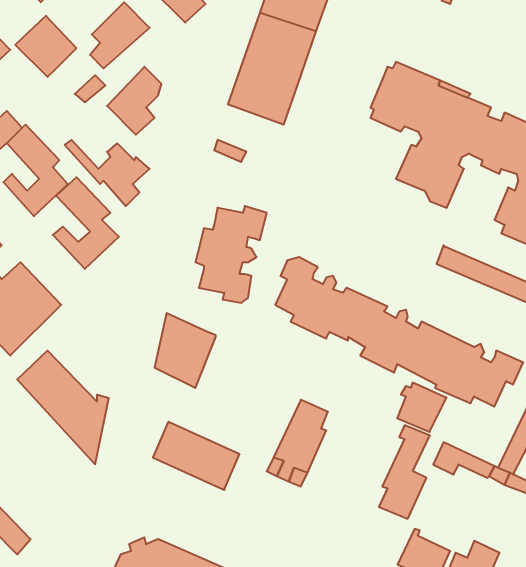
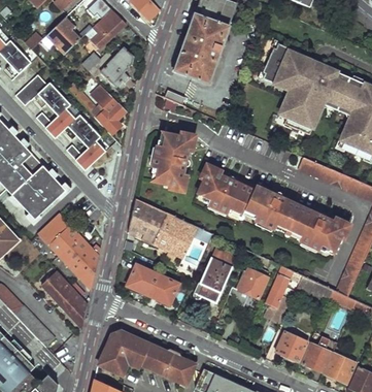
building: none -> [153,211,200,258]
building: [397,383,447,432] -> [239,268,269,298]
building: none -> [41,270,88,327]

